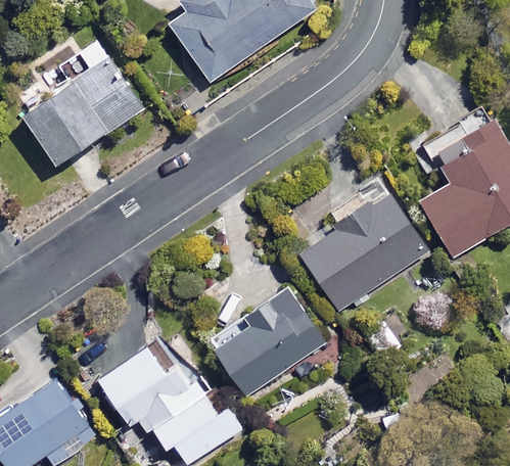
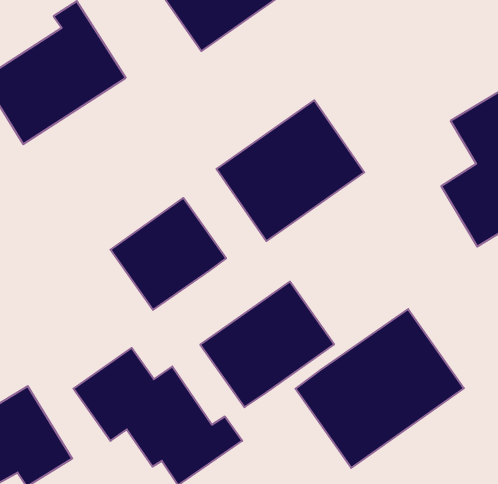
building: [297,188,427,312] -> [216,100,364,241]
building: none -> [110,198,226,310]
building: none -> [295,309,464,468]

